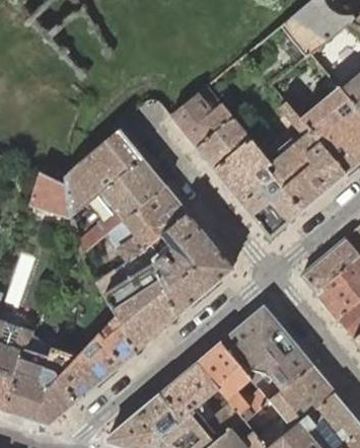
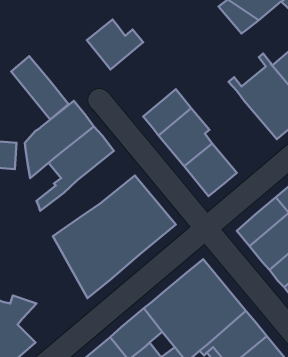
building: none -> [11,56,68,120]
building: [170,92,233,148] -> [87,19,143,69]
building: [266,102,346,211] -> none
building: [109,186,188,260] -> none
building: [57,316,135,400] -> none

